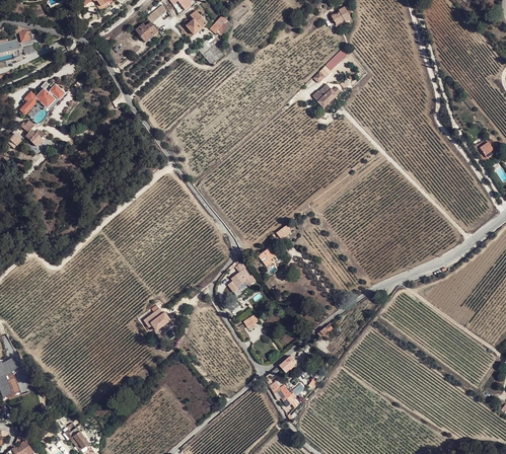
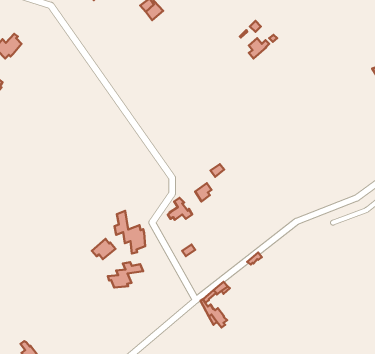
building: none -> [114,211,145,253]
building: none -> [108,262,143,287]

